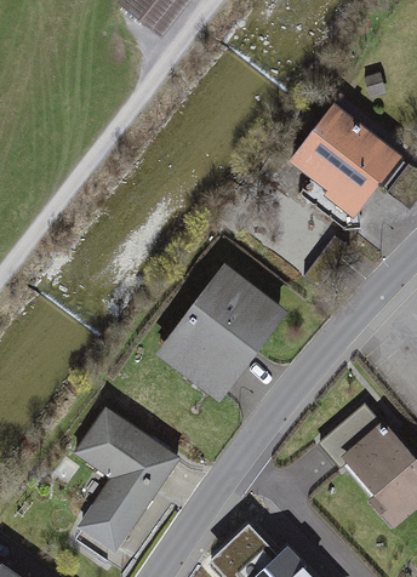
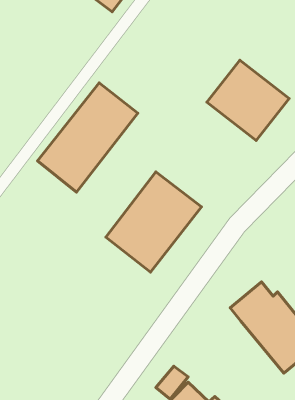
building: none -> [38,83,138,192]
building: [74,406,177,548] -> none

